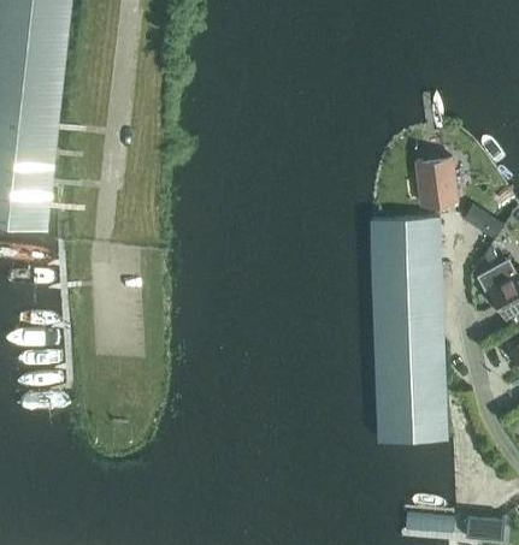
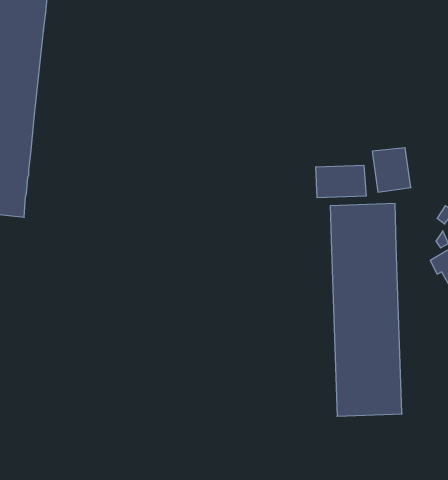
building: none -> [316,165,366,198]

